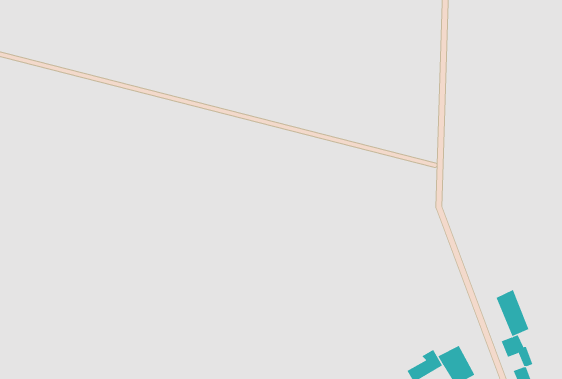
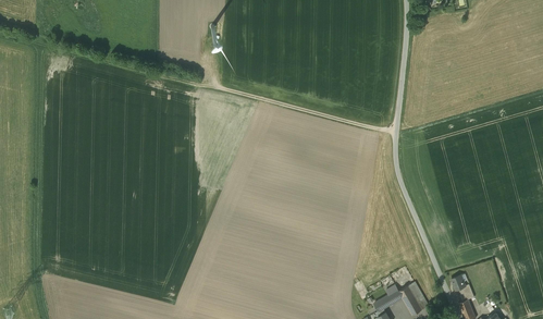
building: [496,289,529,337] -> none

